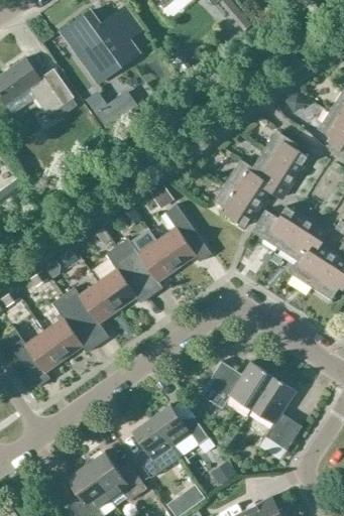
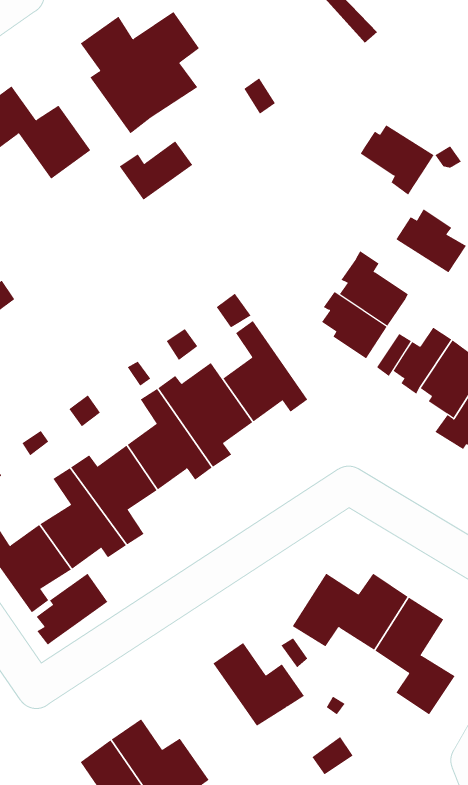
building: [250,155,297,200] -> [360,124,434,196]
building: none -> [36,573,108,645]
building: [130,417,178,478] -> none

